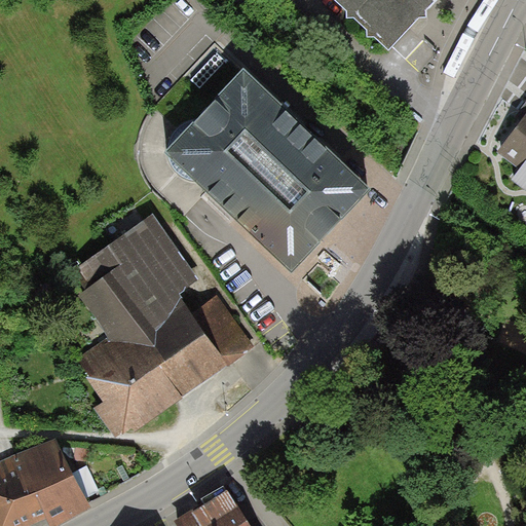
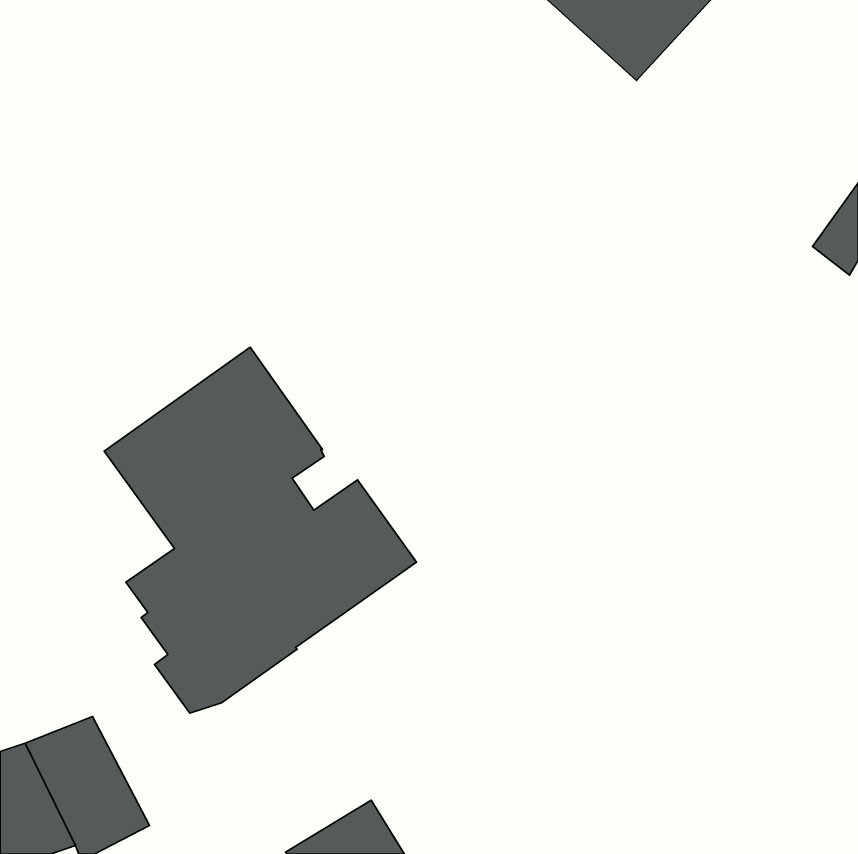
building: [164,70,371,274] -> none

